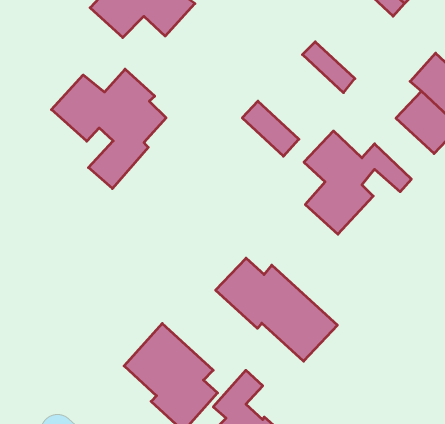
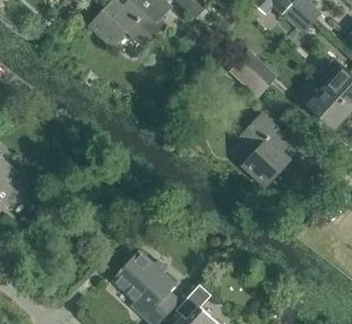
building: [51,69,166,189] -> none
building: [242,101,299,156] -> [228,59,268,98]
building: [216,258,337,361] -> none

